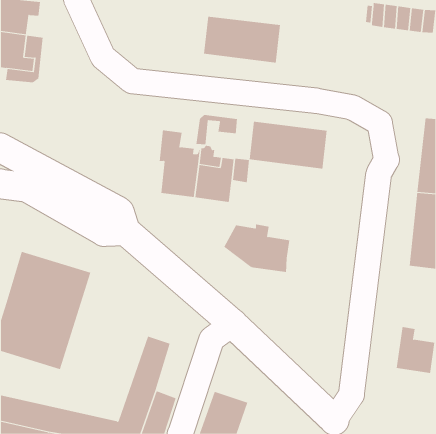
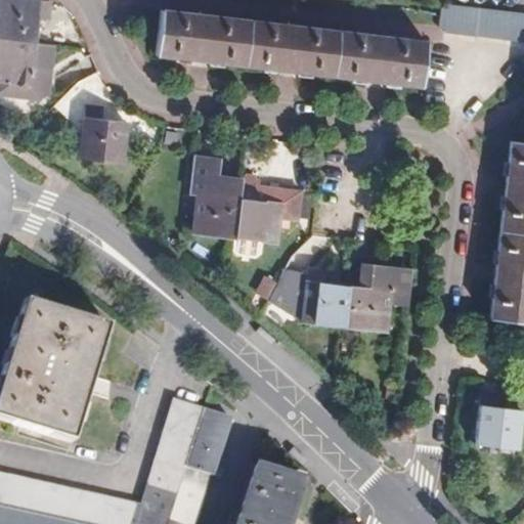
building: none -> [155,8,249,64]
building: none -> [74,104,120,162]
building: [196,114,237,145] -> none
building: [249,121,327,169] -> [332,30,426,87]
building: none -> [344,265,412,332]
building: none -> [187,411,231,478]

